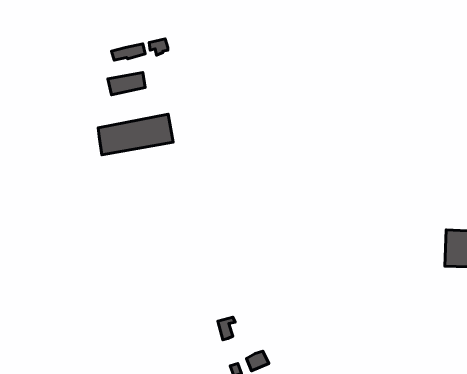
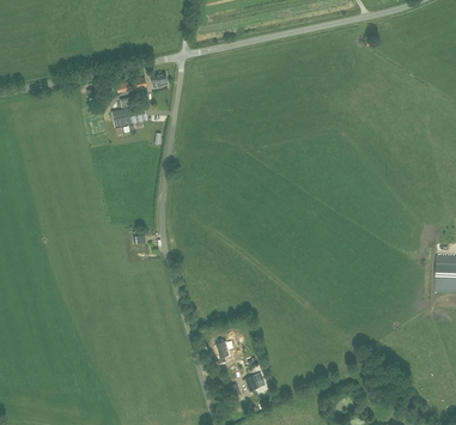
building: [98,114,173,155] -> none

